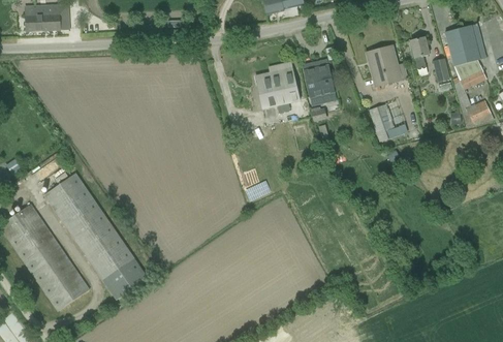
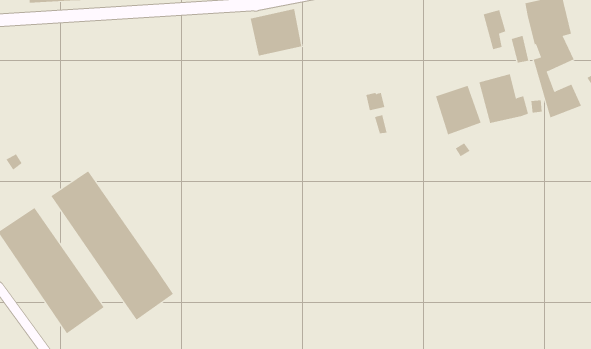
building: [365,44,407,87] -> [479,74,529,124]
building: [302,59,334,97] -> none
building: [254,67,298,107] -> [250,9,302,56]

